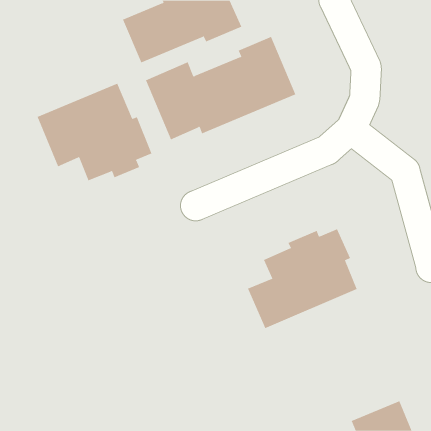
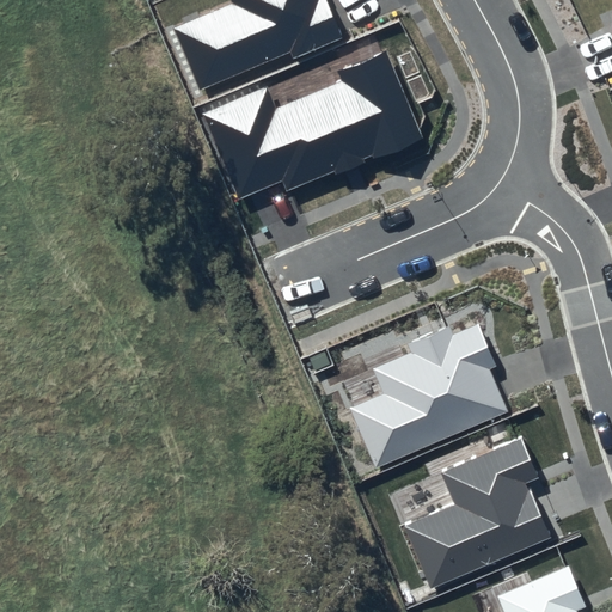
building: [37,83,152,181] -> none
building: none -> [404,436,547,587]

